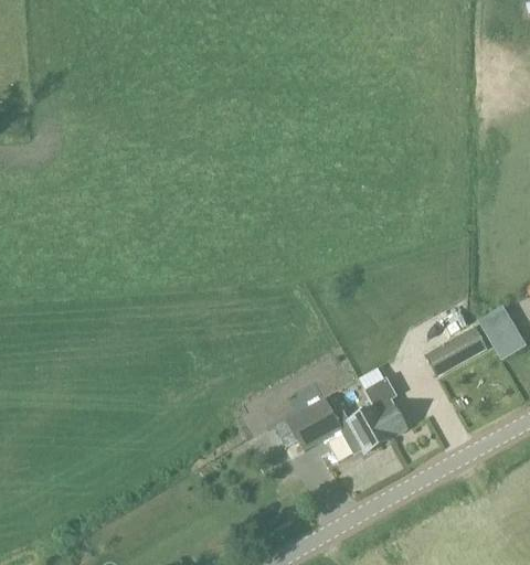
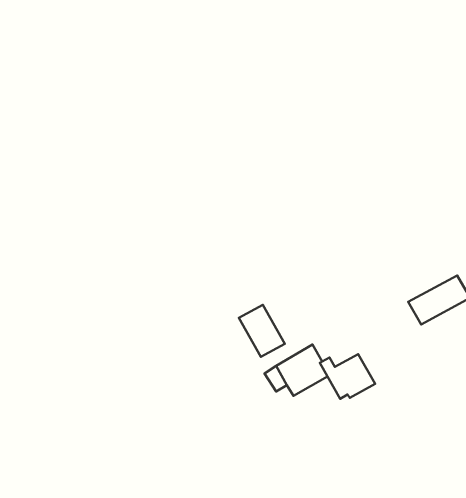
building: none -> [239,305,285,357]
building: [364,376,418,437] -> none

